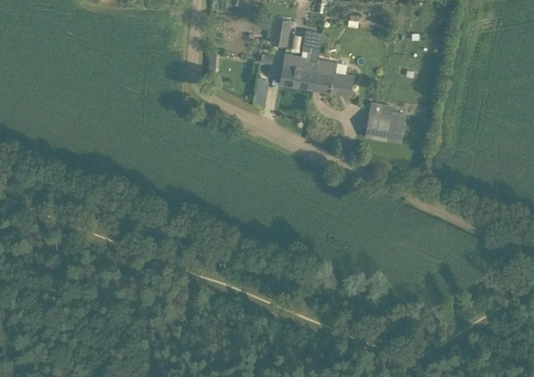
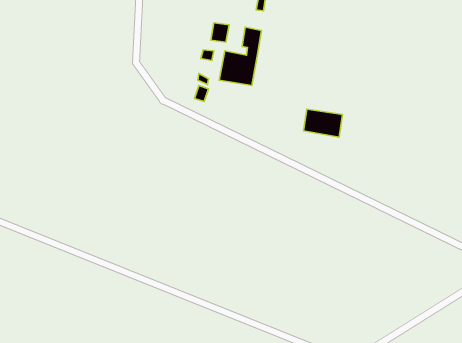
building: [313,60,353,96] -> none

